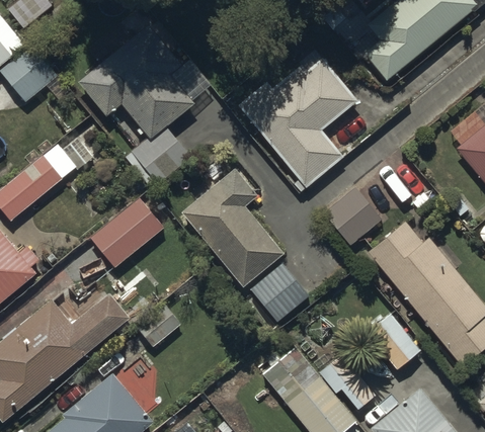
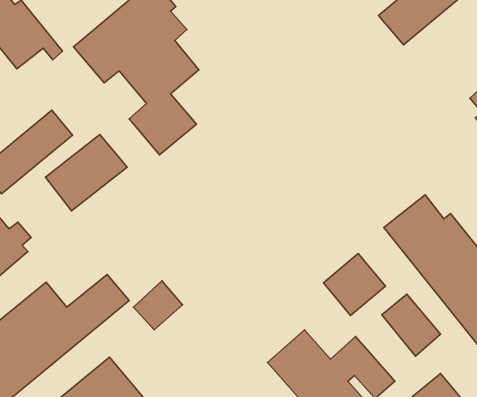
building: [237,58,357,188] -> none
building: [180,168,285,289] -> none
building: [322,184,382,244] -> none
building: [90,196,166,267] -> [45,135,127,211]
building: [250,263,308,321] -> [323,254,386,316]

